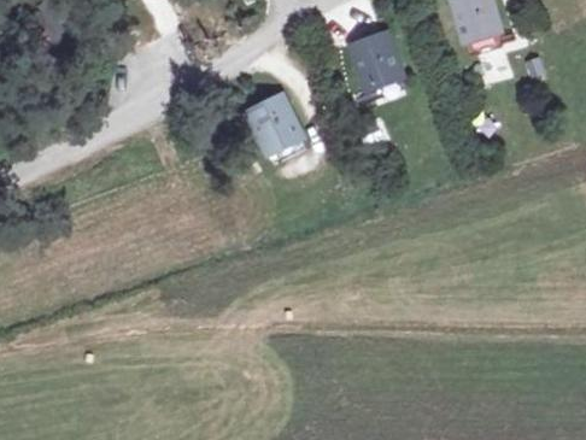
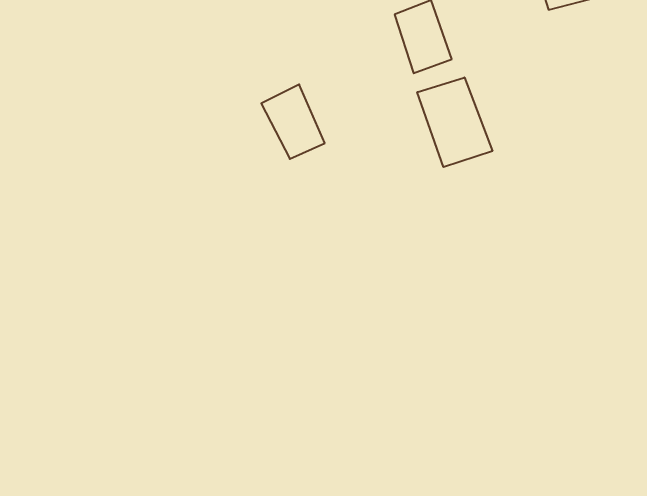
building: none -> [417,77,492,167]

